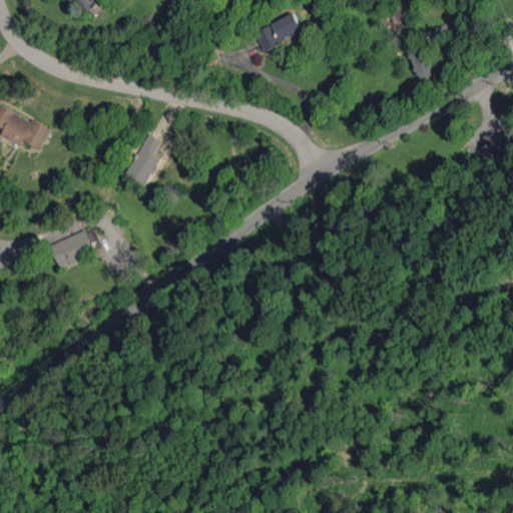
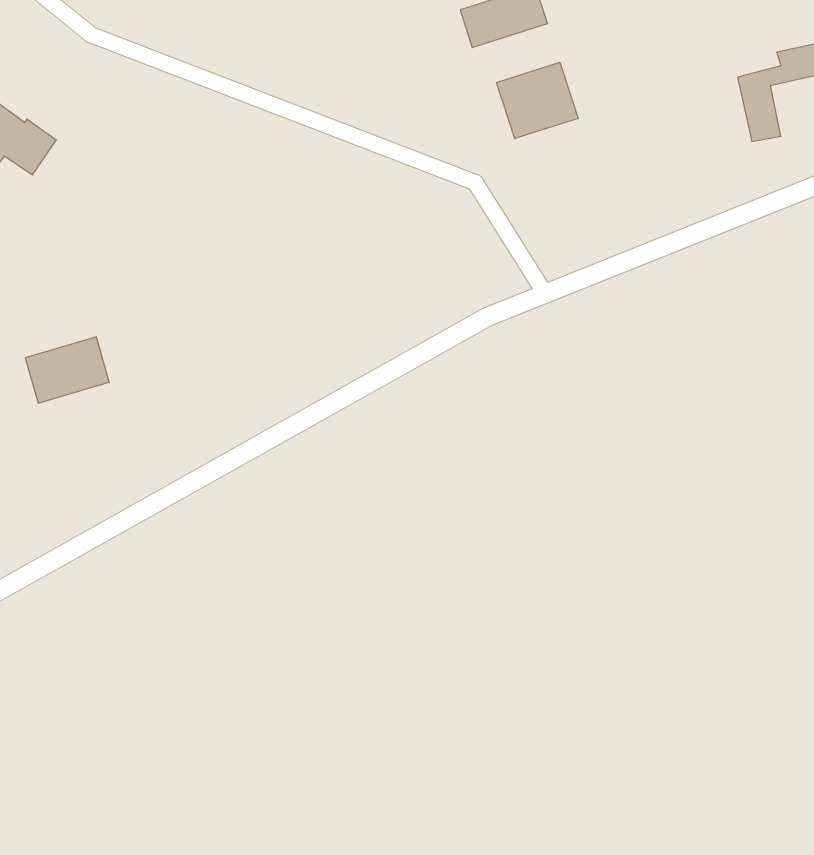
building: none -> [496,62,578,139]
building: [124,134,160,186] -> none

